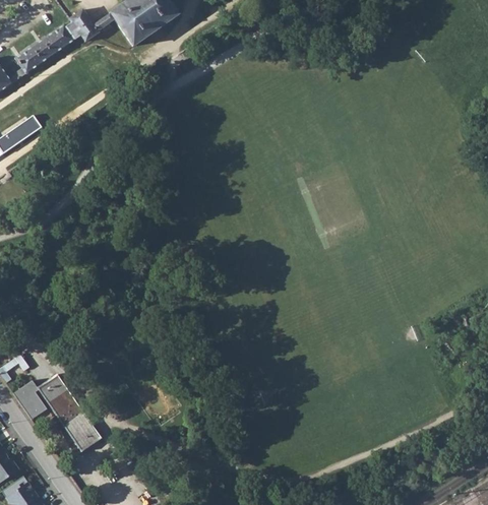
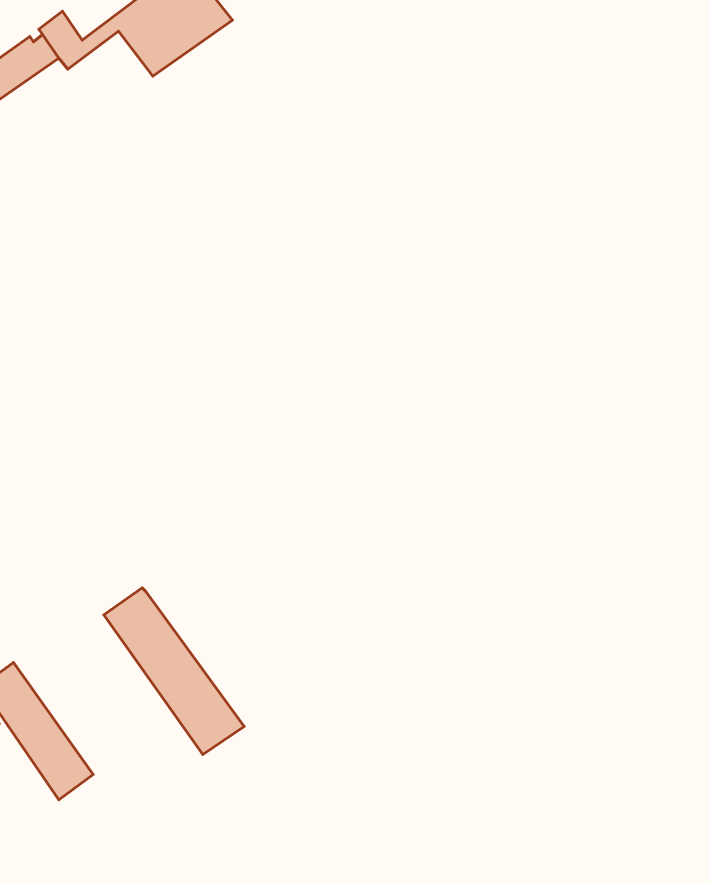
building: none -> [104,588,244,755]

